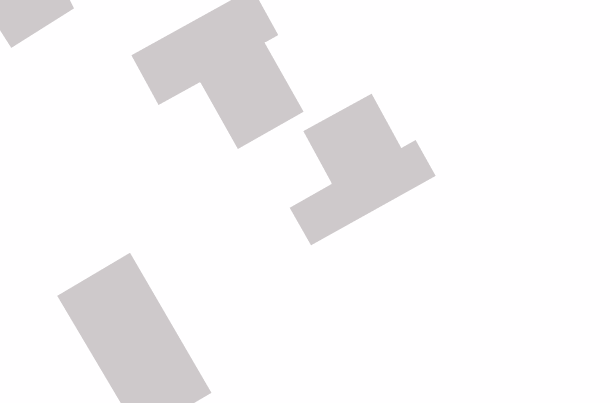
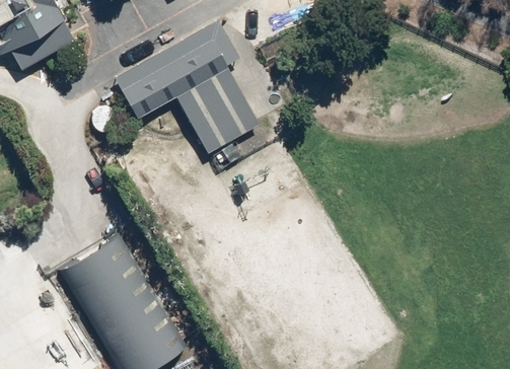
building: [289,93,437,246] -> none

